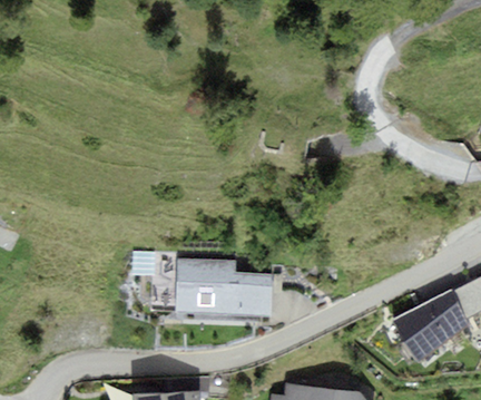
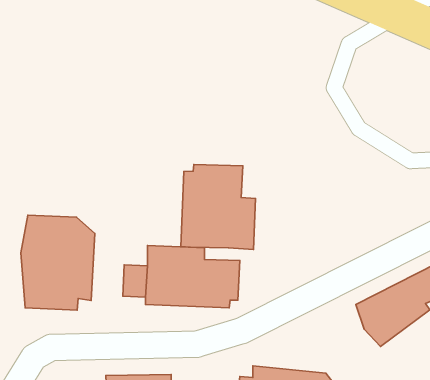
building: none -> [181,165,256,249]
building: none -> [21,215,95,310]

